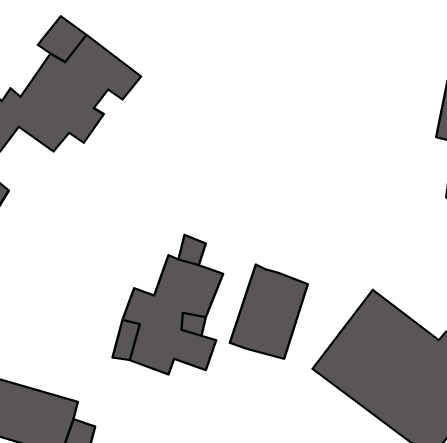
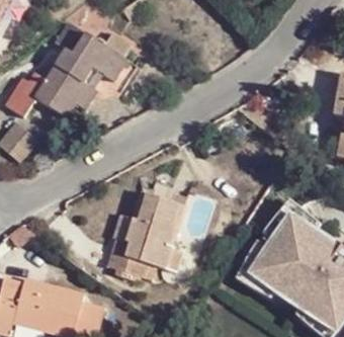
building: [230,265,308,359] -> none

